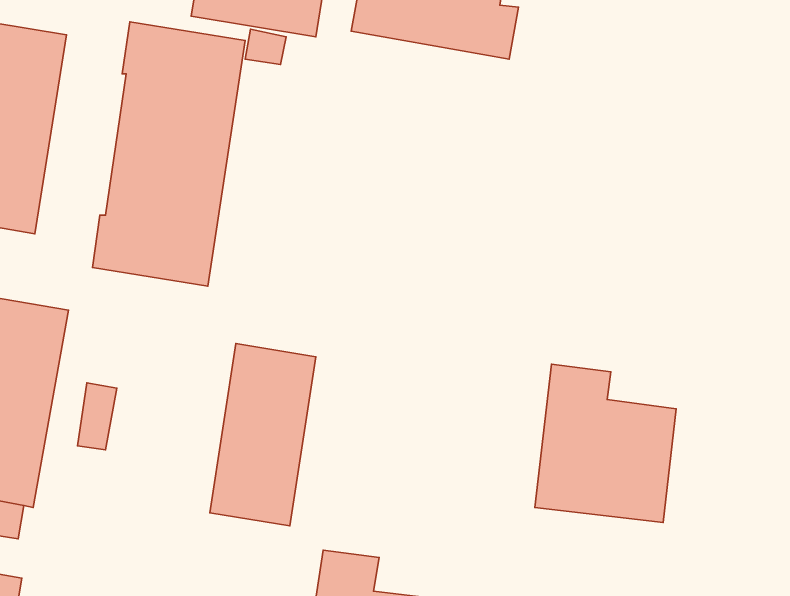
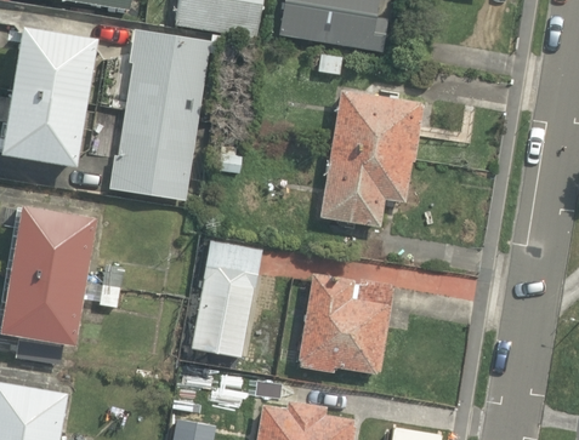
building: none -> [318,93,425,229]
building: [535,364,676,522] -> [297,273,390,376]

